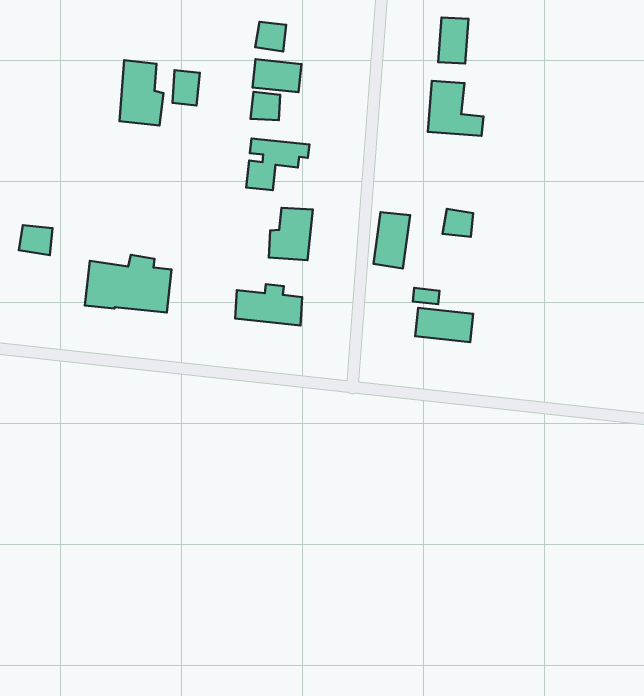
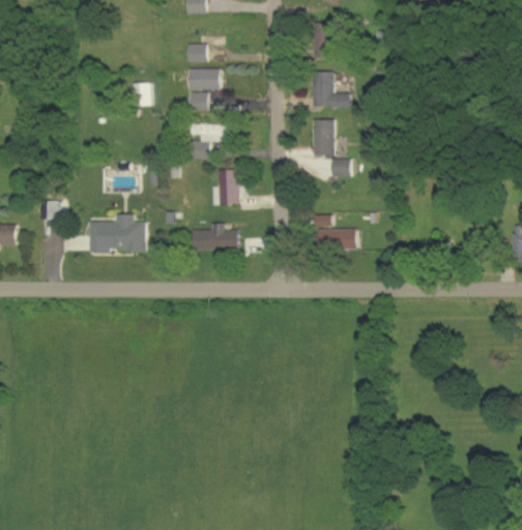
building: [120,60,164,126] -> none
building: [373,212,410,269] -> [312,119,334,156]

